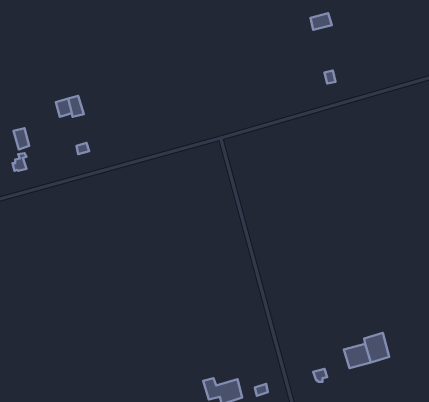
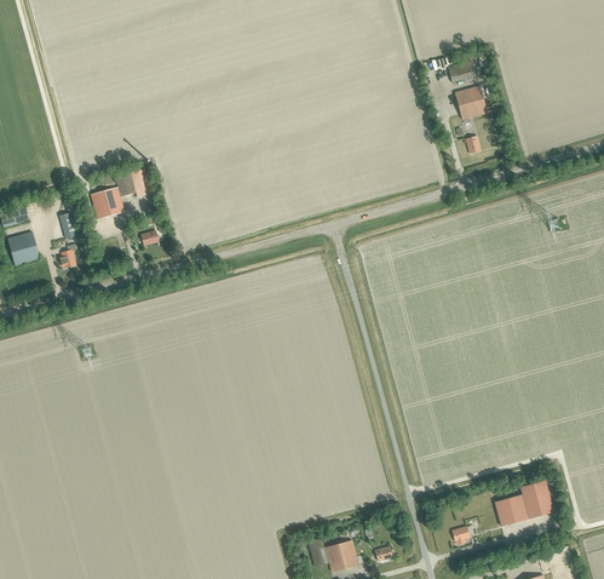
building: none -> [455,86,487,119]
building: none -> [91,187,125,218]

